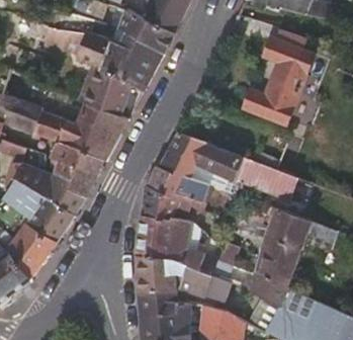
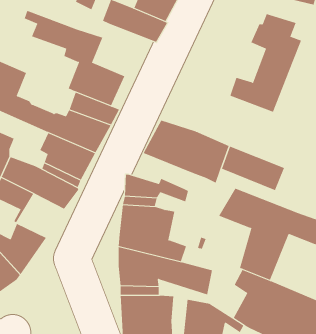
building: [109,35,171,90] -> none
building: [144,161,205,195] -> none
building: [35,200,82,243] -> none

